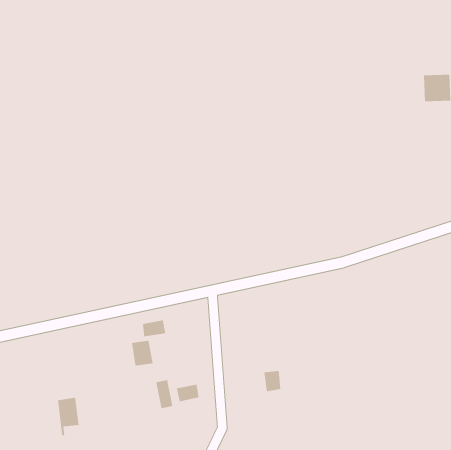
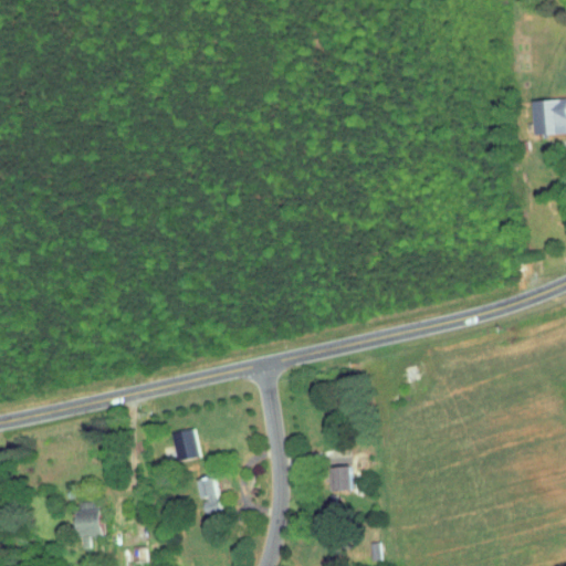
building: [142,320,166,337] -> none
building: [176,384,199,402] -> none

